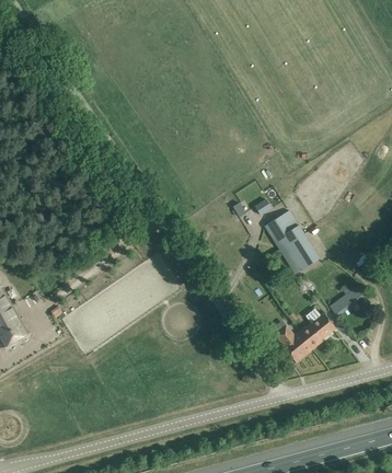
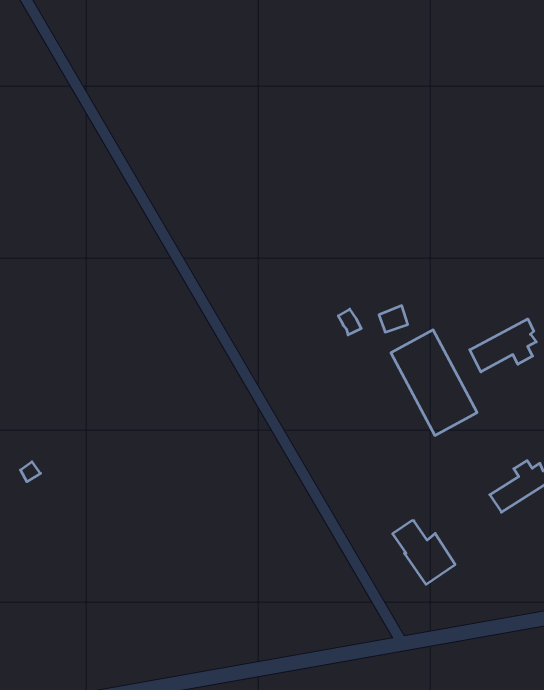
building: none -> [470,319,536,372]
building: [299,313,335,348] -> none

